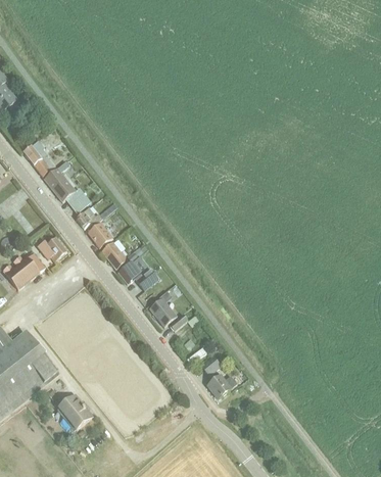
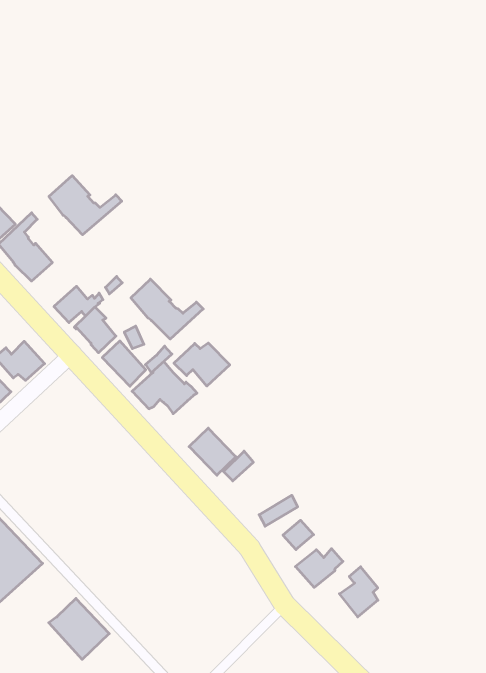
building: none -> [49,176,122,235]
building: none -> [131,279,203,339]
building: none -> [174,343,230,386]
building: none -> [339,567,378,617]

